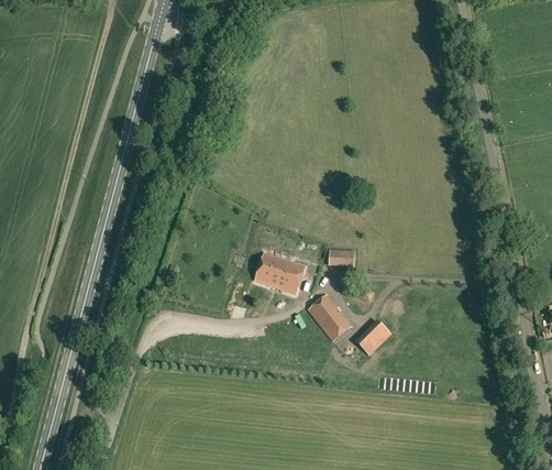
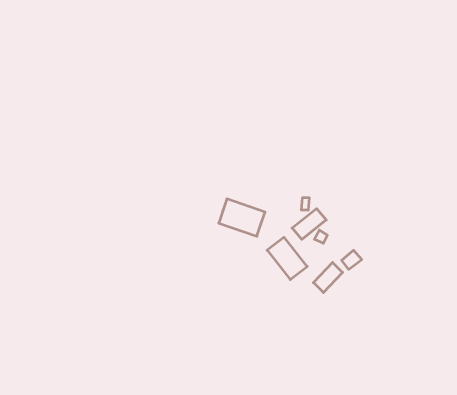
building: none -> [292,209,326,239]

